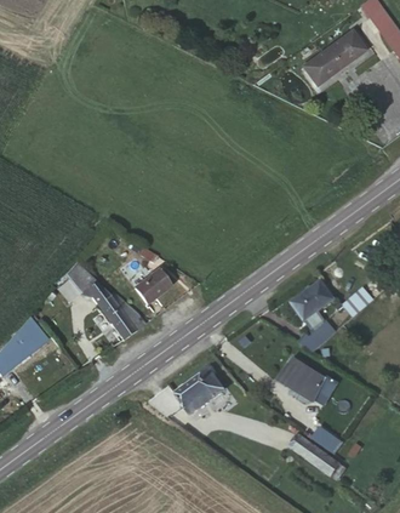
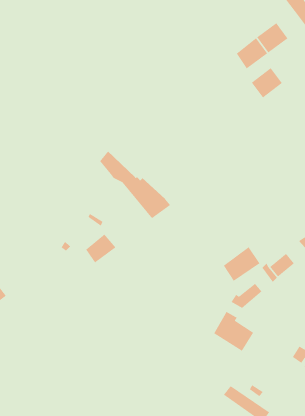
building: none -> [251,67,283,98]
building: [64,261,145,338] -> [99,150,171,219]
building: [175,371,224,417] -> none

